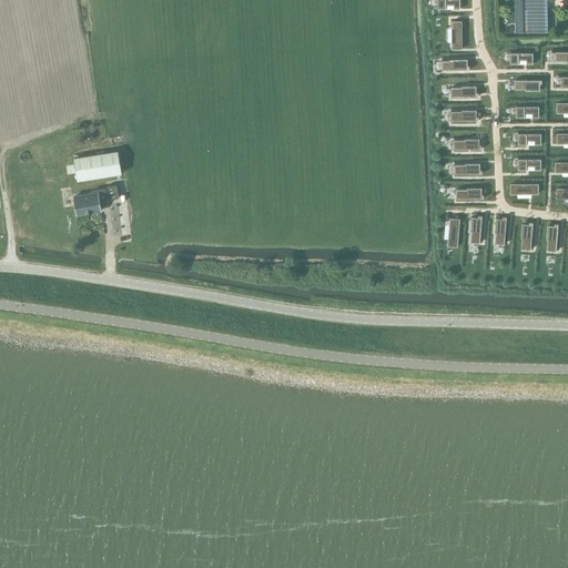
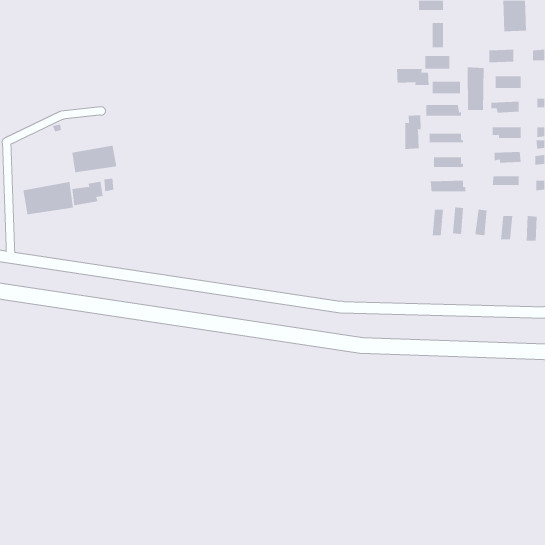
building: none -> [467,67,484,111]
building: none -> [396,68,429,86]
building: none -> [405,115,421,150]
building: none -> [23,181,73,215]

